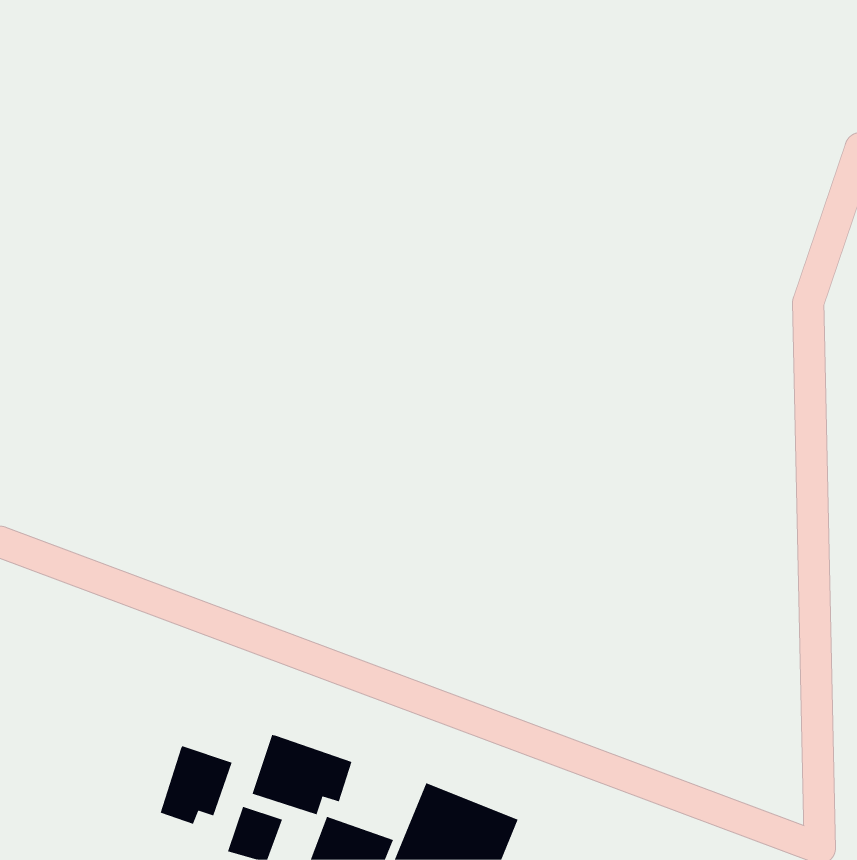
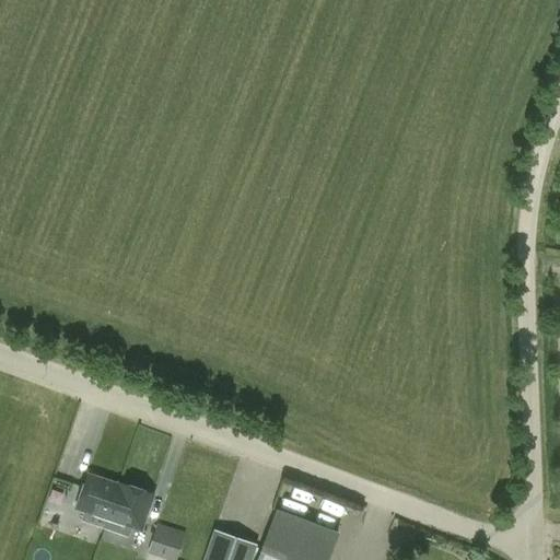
building: none -> [78,477,119,528]
building: [252,734,352,815] -> none

